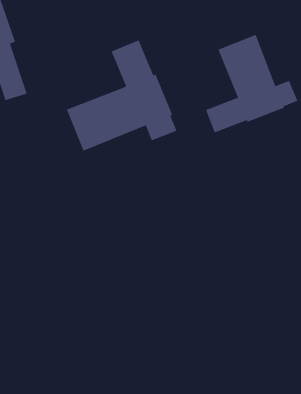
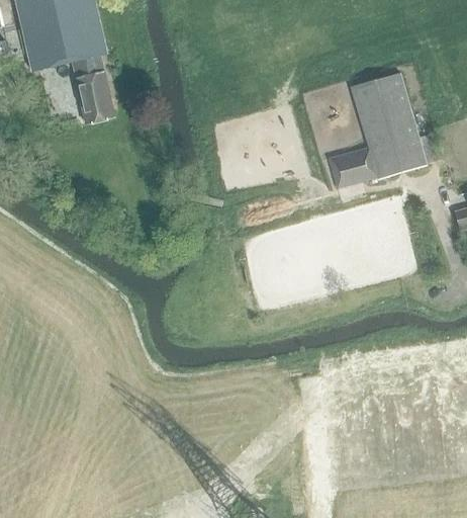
building: [66,39,177,152] -> none

